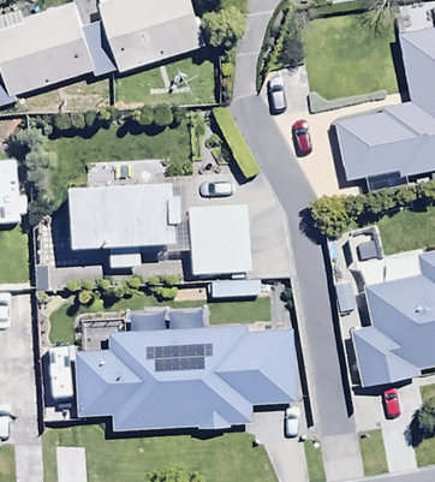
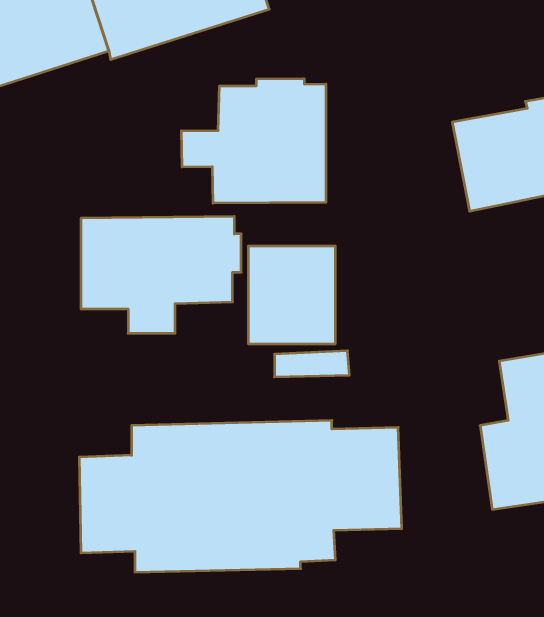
building: none -> [181,79,326,203]

